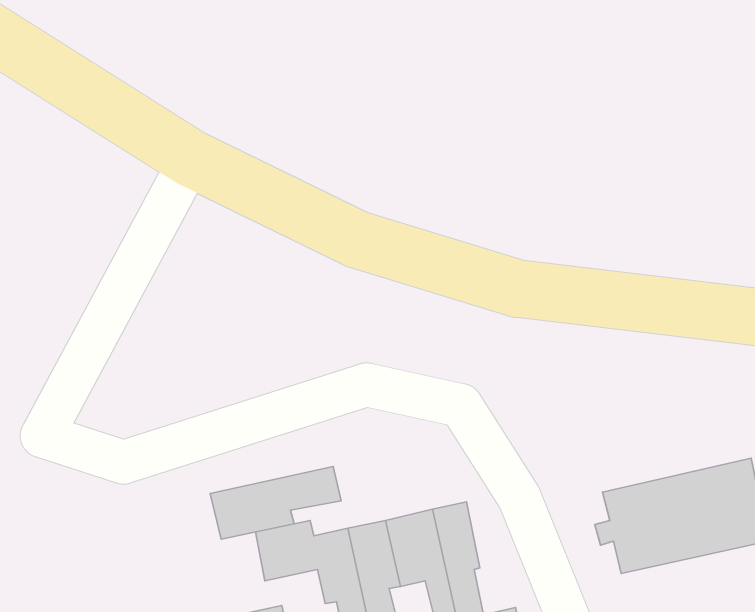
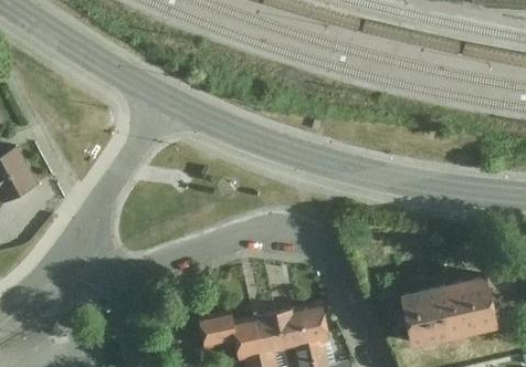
building: [210,467,341,539] -> none

